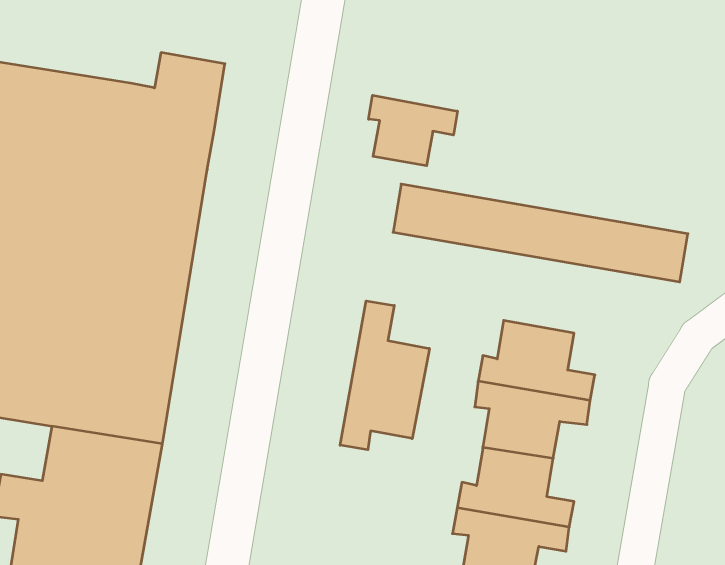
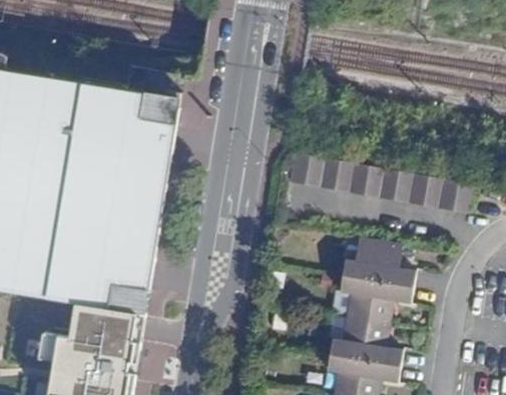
building: [369,95,457,166] -> none
building: [340,301,429,450] -> none

